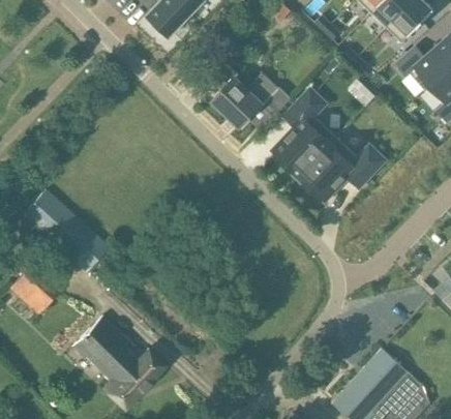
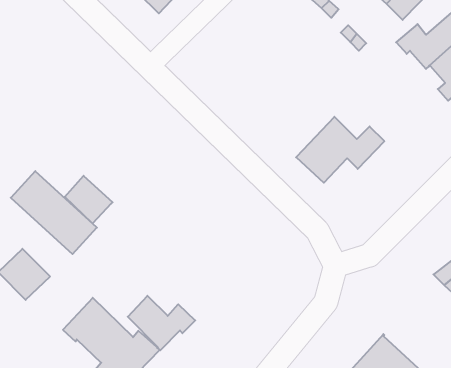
building: [212,65,290,128] -> none
building: [272,89,335,176] -> none
building: none -> [65,176,113,224]
building: none -> [128,296,195,350]

